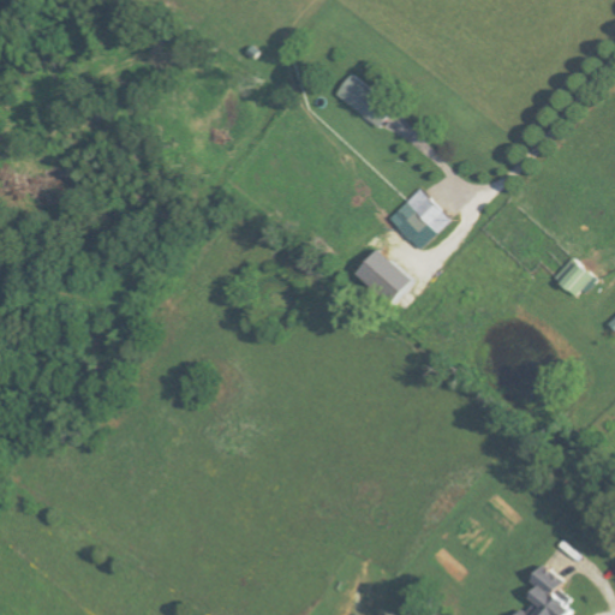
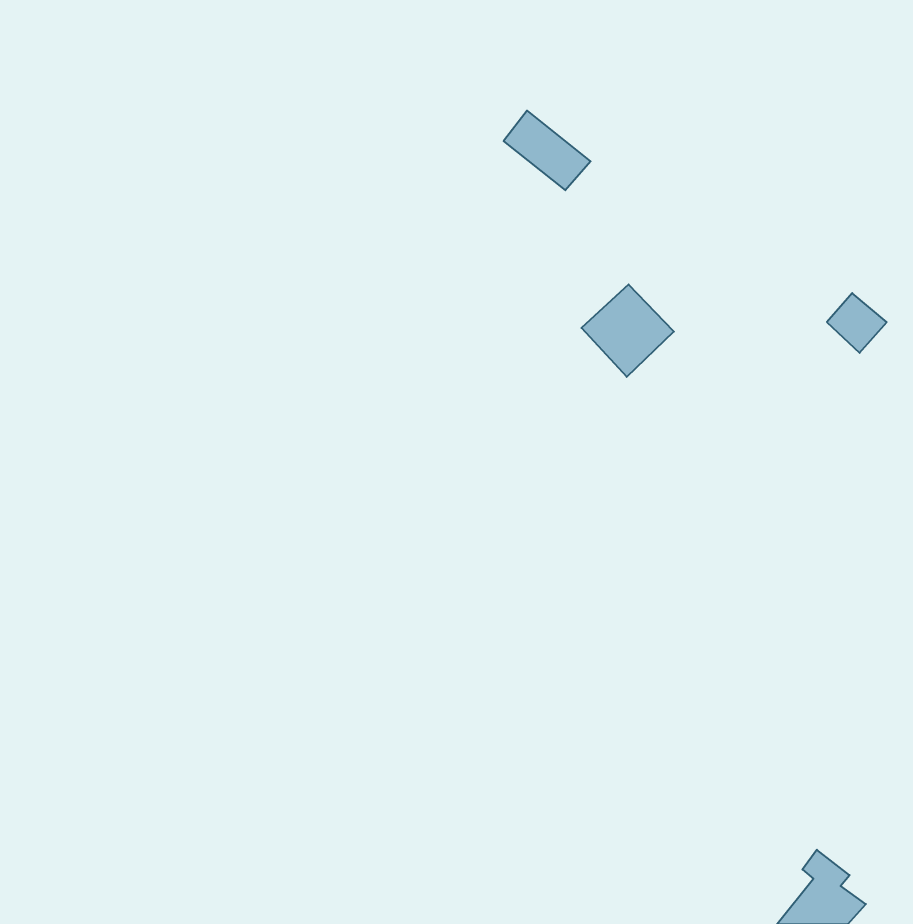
building: [354,250,411,305] -> none
building: [554,258,593,298] -> [827,293,887,353]

